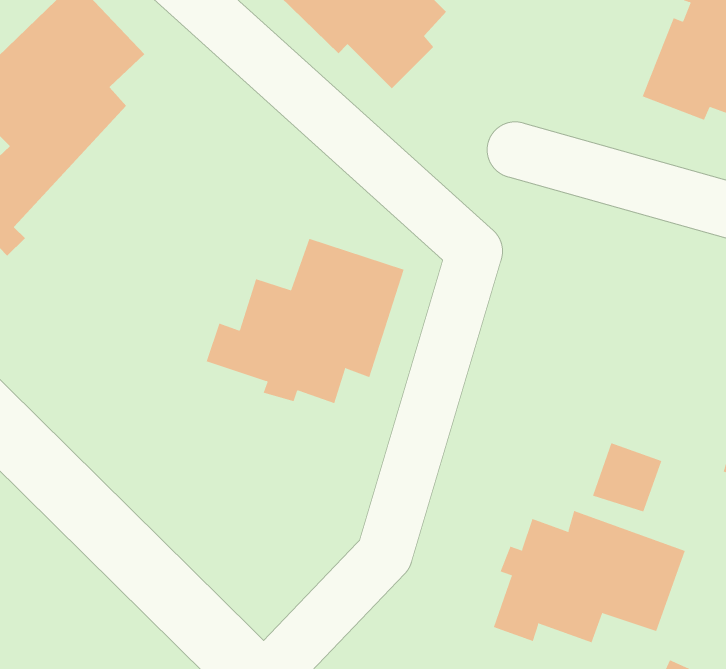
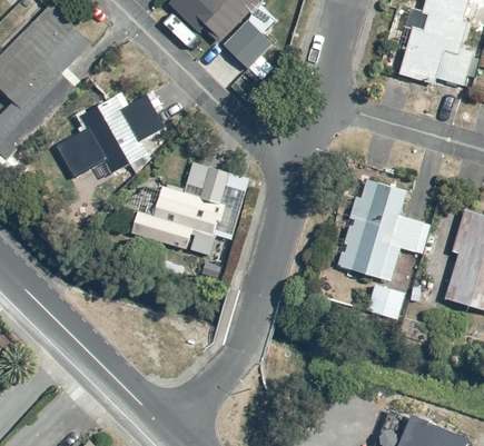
building: none -> [56,89,168,179]
building: none -> [336,174,429,284]
building: [493,510,686,643] -> none

